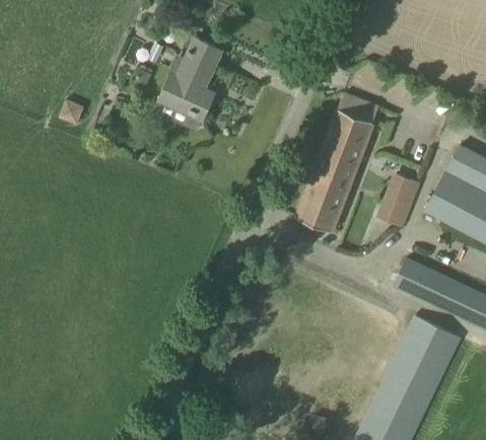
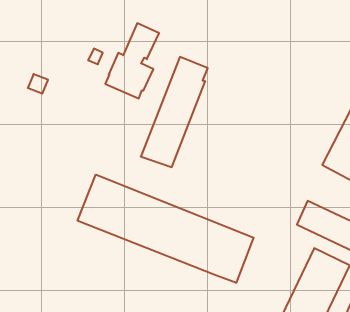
building: [295,93,378,230] -> [141,57,208,167]
building: [376,171,420,227] -> none
building: none -> [78,175,254,283]

